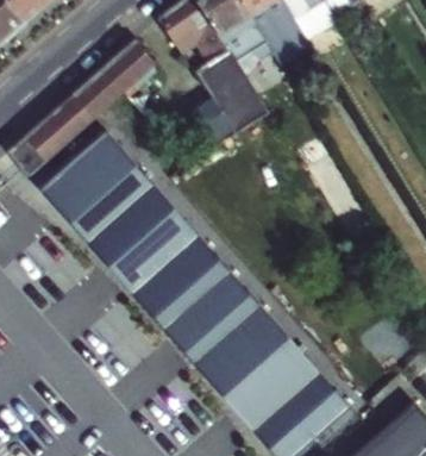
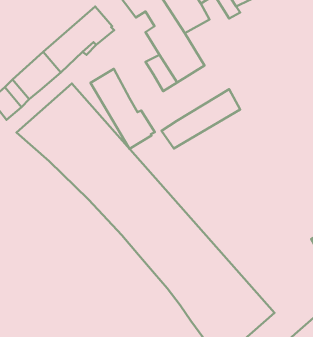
building: none -> [90,69,155,149]
building: none -> [161,89,240,149]

